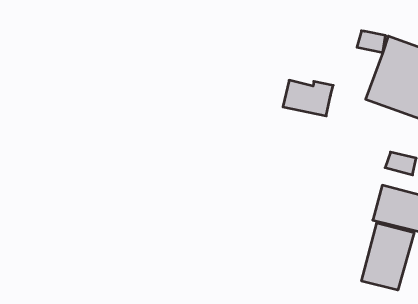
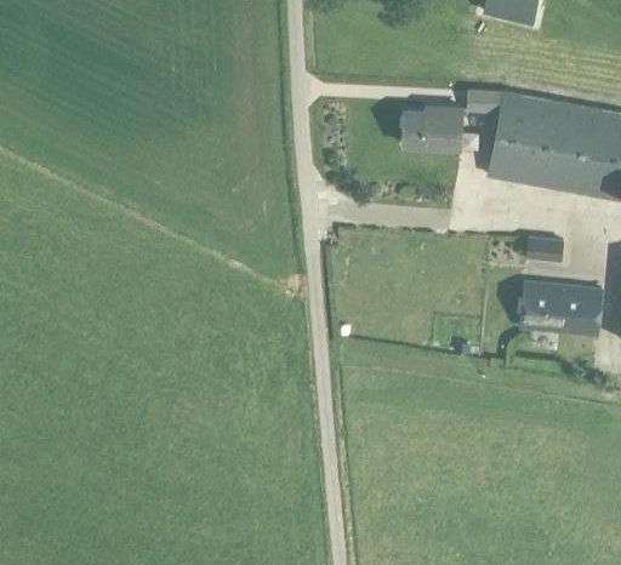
building: [283,80,333,116] -> [403,107,462,148]
building: [362,223,414,290] -> none

